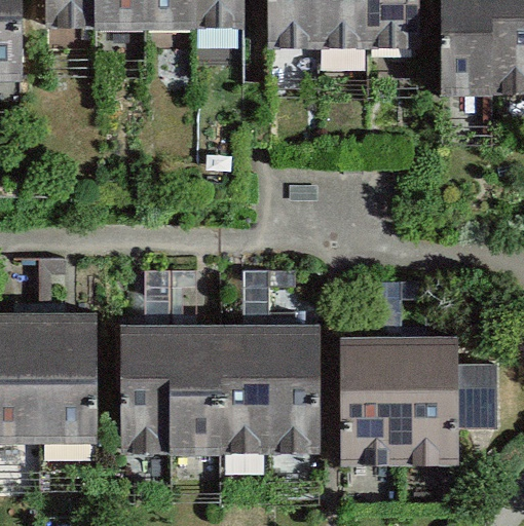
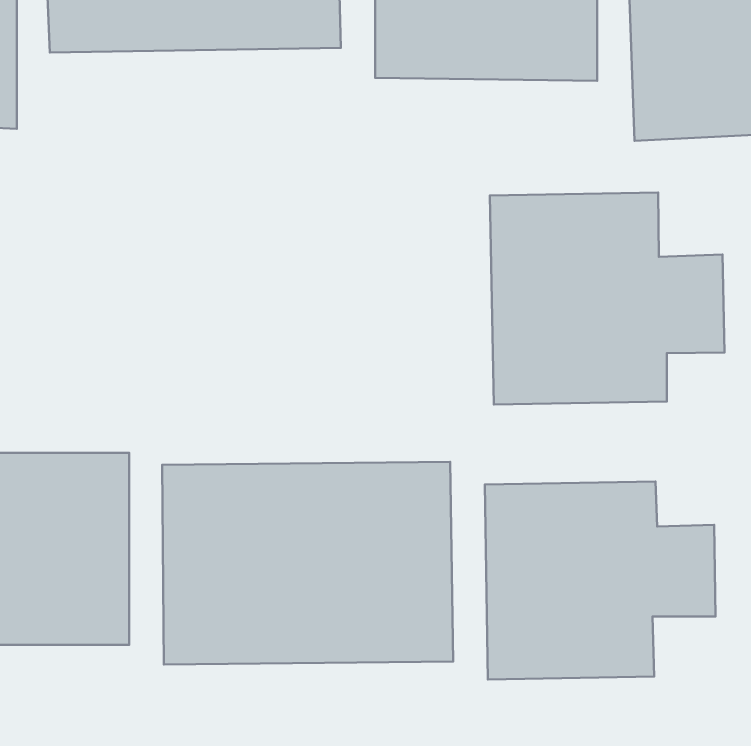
building: none -> [490,193,724,404]

